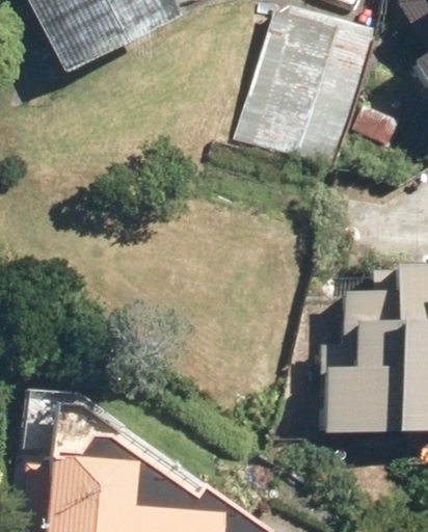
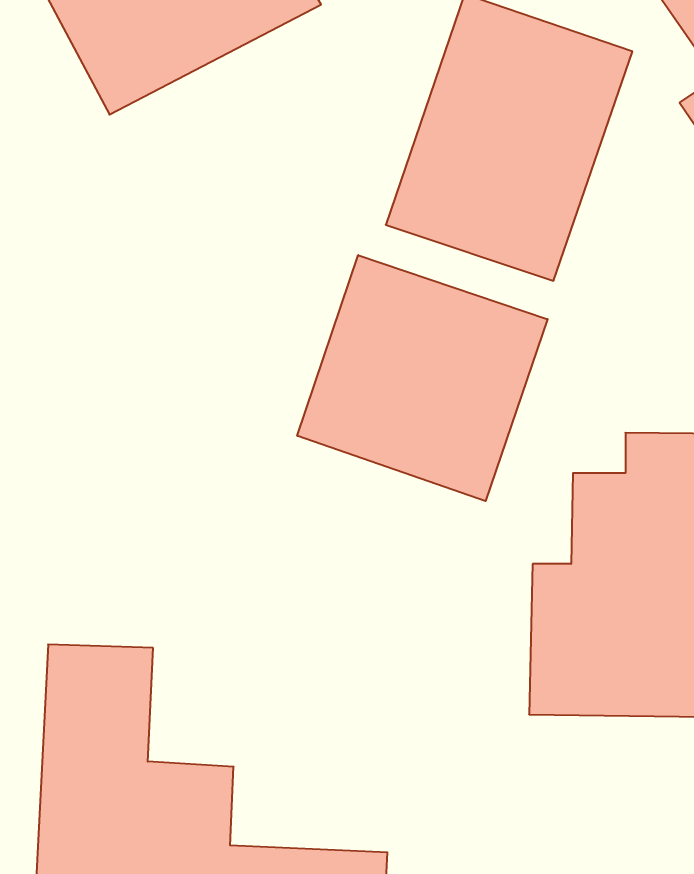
building: none -> [297,255,548,501]

